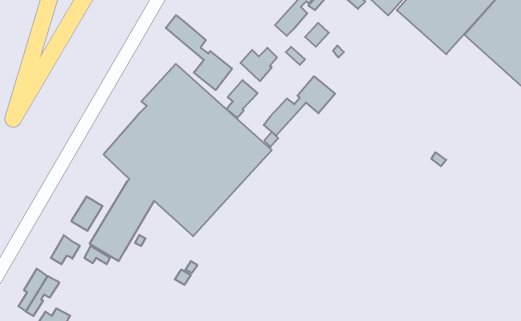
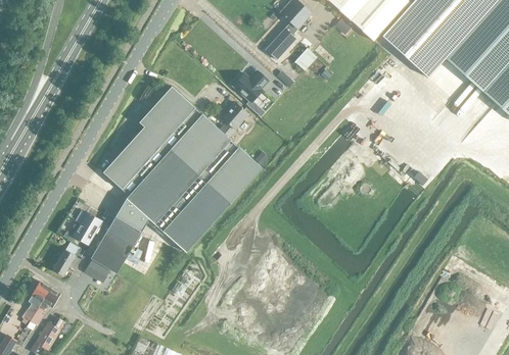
building: [166,15,232,90] -> none
building: [264,76,335,136] -> none

